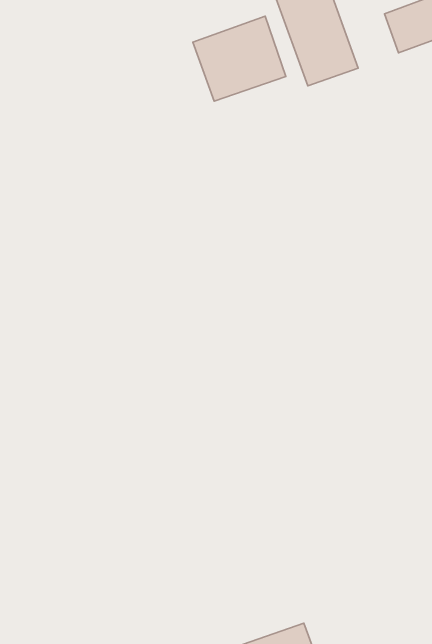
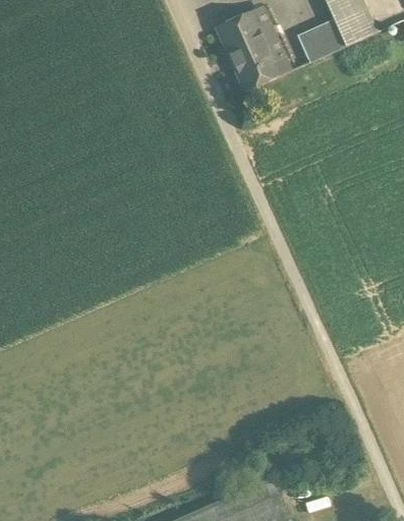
building: [193,16,286,101] -> none

